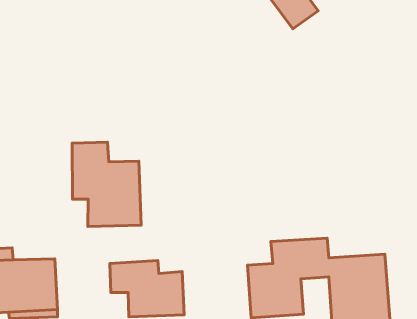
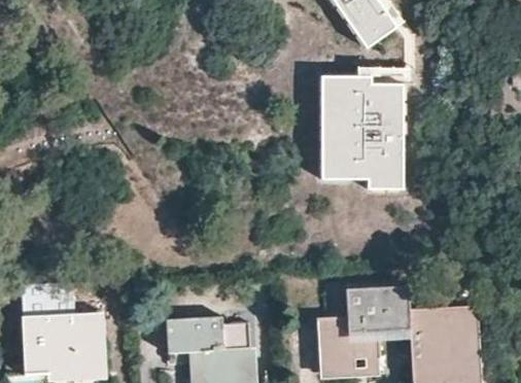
building: none -> [324,78,409,195]
building: [72,142,141,227] -> none

